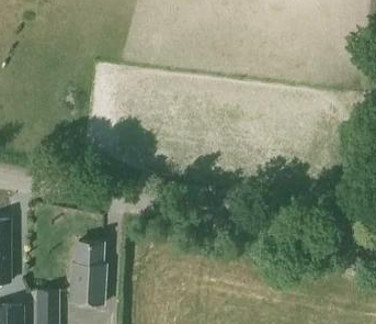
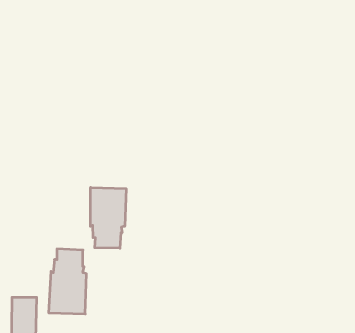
building: none -> [90,187,126,248]

